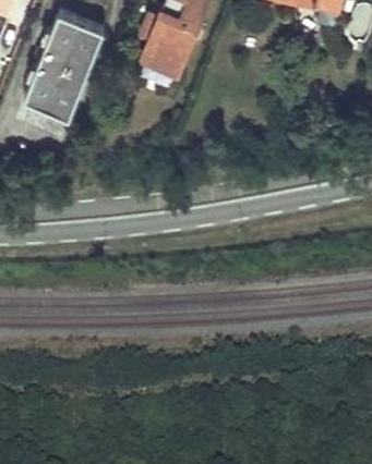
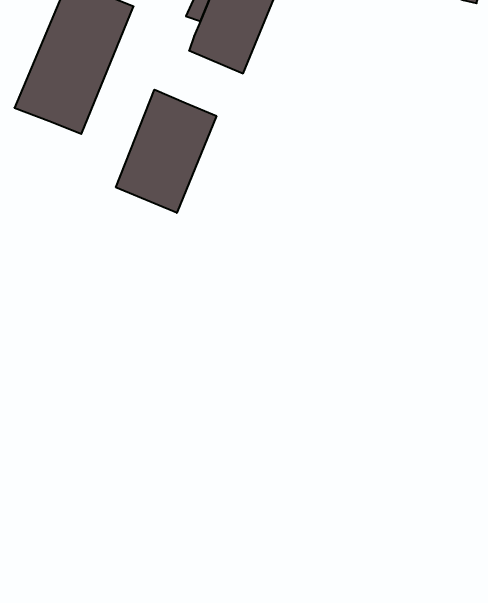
building: none -> [116,90,216,213]

